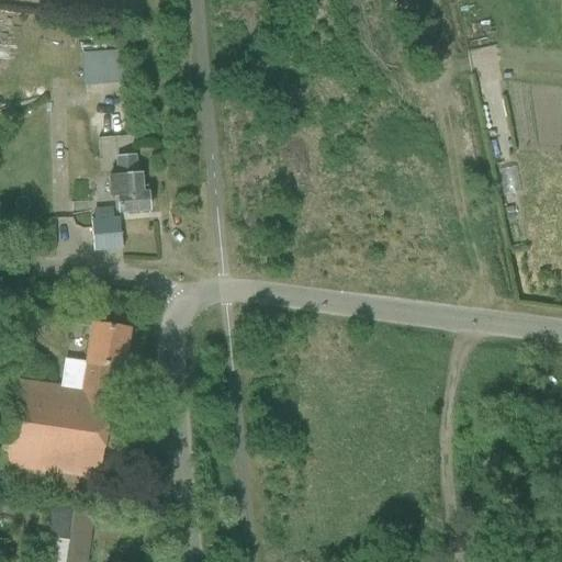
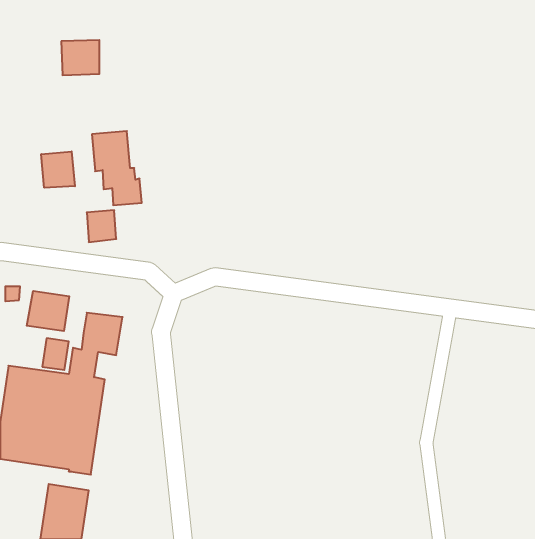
building: none -> [41,151,75,188]
building: none -> [27,291,69,331]

